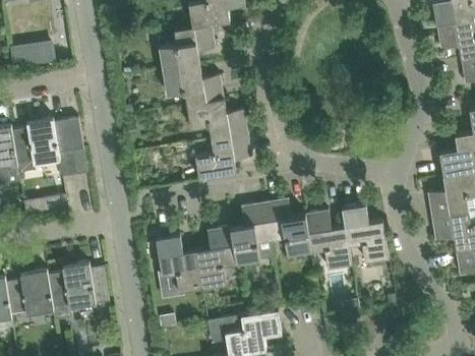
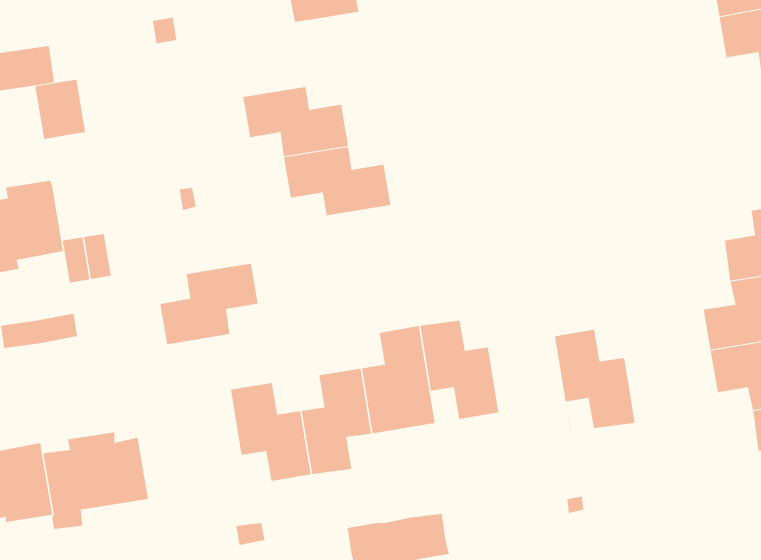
building: [159,25,216,71] -> none
building: [54,119,83,154] -> [35,79,86,139]
building: [195,133,252,180] -> [159,263,259,345]
building: [304,209,351,268] -> none

